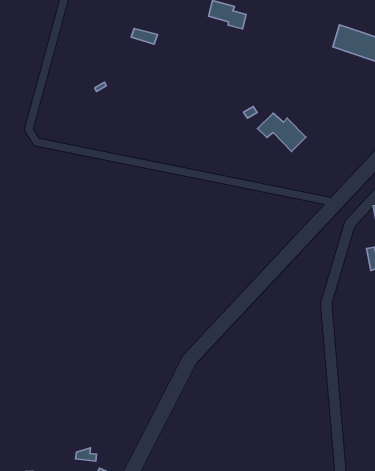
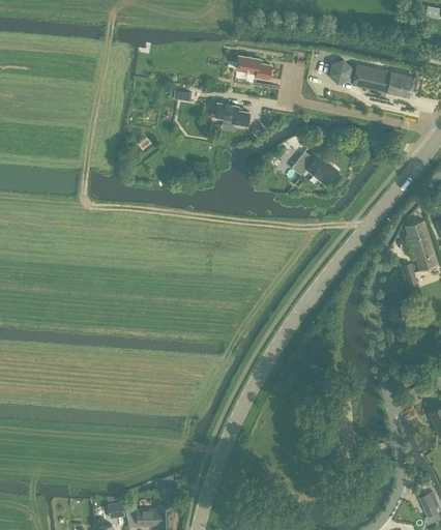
building: none -> [329,60,353,85]
building: none -> [215,102,249,126]

